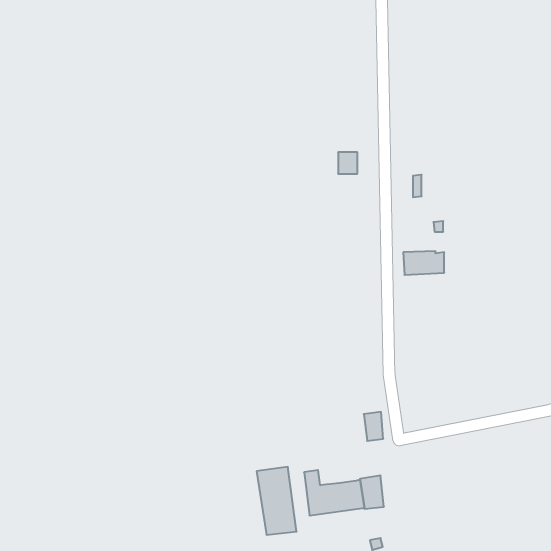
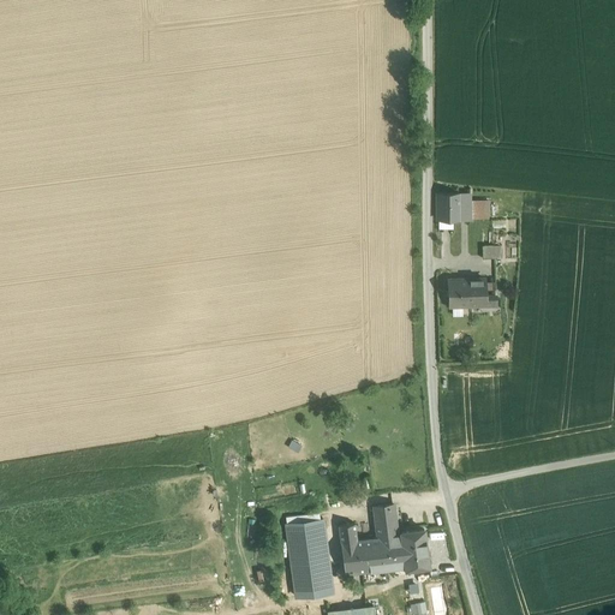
building: [338,152,357,174] -> [438,196,460,220]
building: [364,412,383,441] -> [375,506,396,538]

